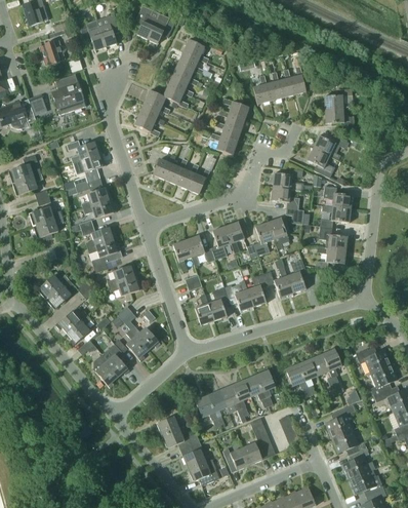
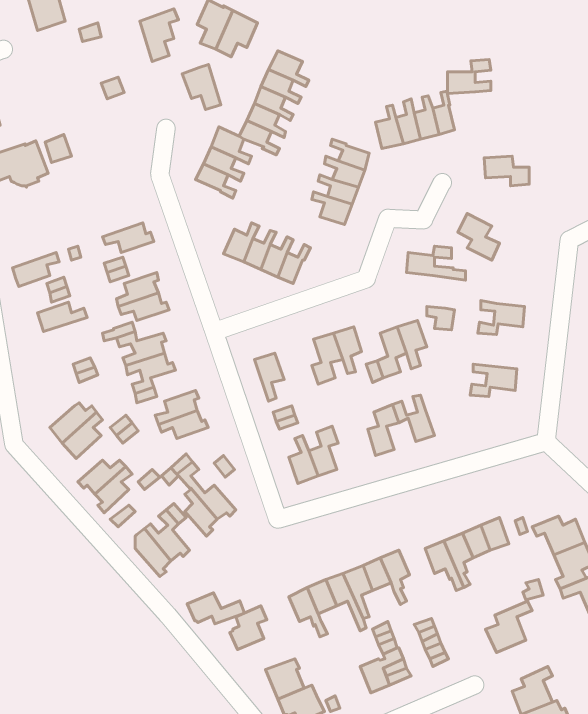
building: [79,19,105,49] -> [182,64,221,109]
building: [39,39,66,65] -> none
building: [52,74,84,114] -> none
building: [324,87,353,110] -> [447,59,491,93]
building: [313,134,346,159] -> none
building: [66,140,98,162] -> none
building: [8,154,41,183] -> none
building: [323,185,353,208] -> none
building: [271,186,299,209] -> none
building: [33,216,64,241] -> none
building: [319,226,348,249] -> none
building: [186,235,214,267] -> none
building: [285,260,305,294] -> none
building: [223,280,252,312] -> none
building: [161,428,199,448] -> [187,593,244,624]
building: [332,429,366,455] -> none
building: [221,446,249,471] -> none

